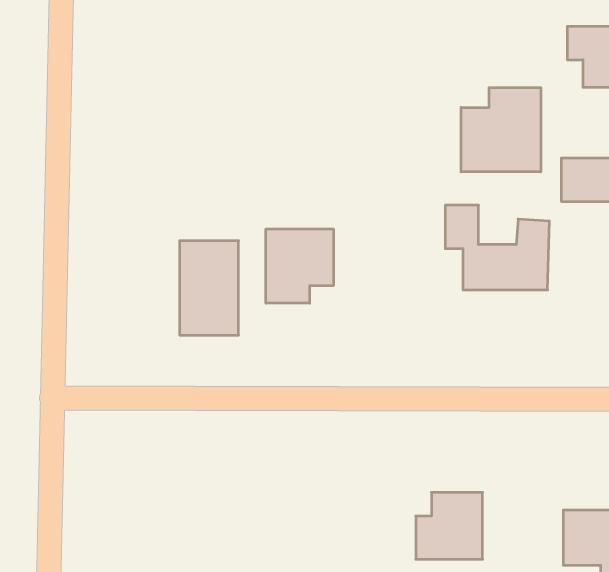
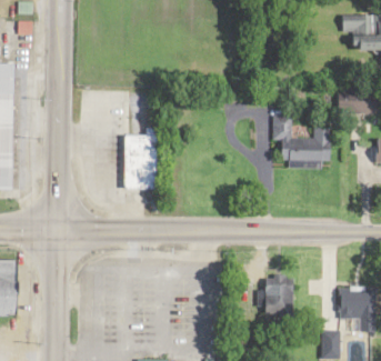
building: [461,88,541,172] -> none
building: [266,229,333,303] -> none

